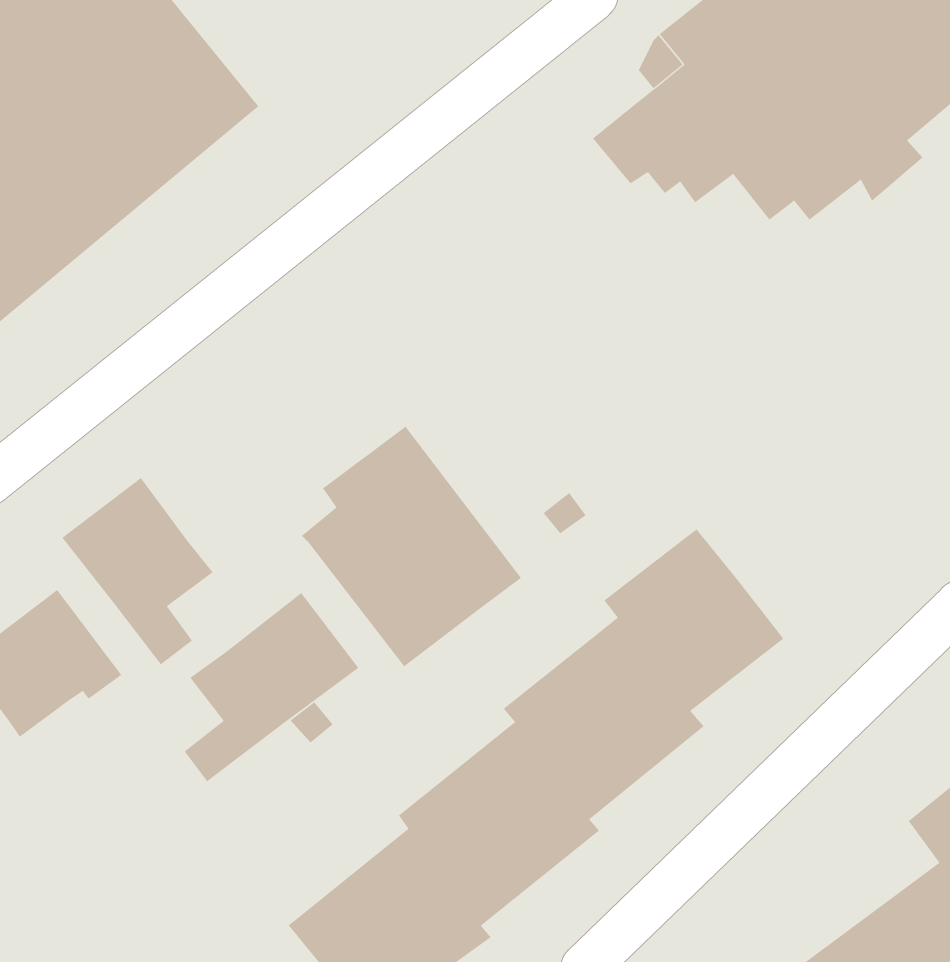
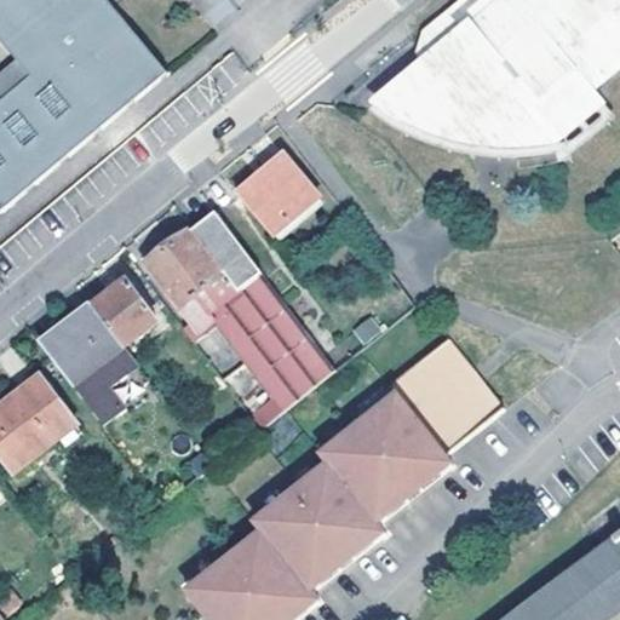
building: none -> [237,153,320,231]
building: none -> [145,209,260,341]
building: none -> [92,279,156,345]
building: [184,592,359,782] -> none

